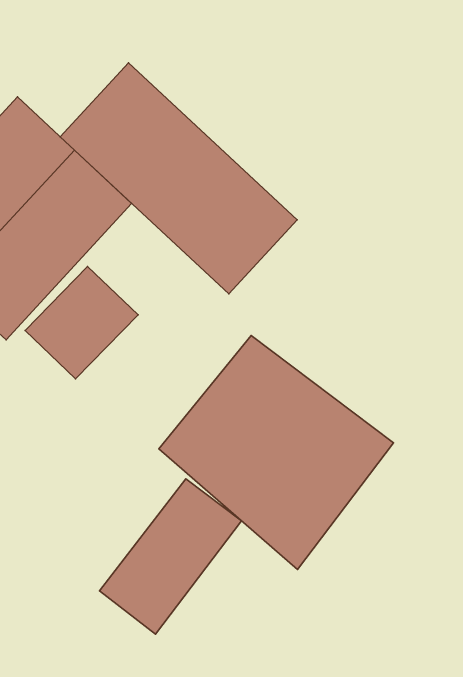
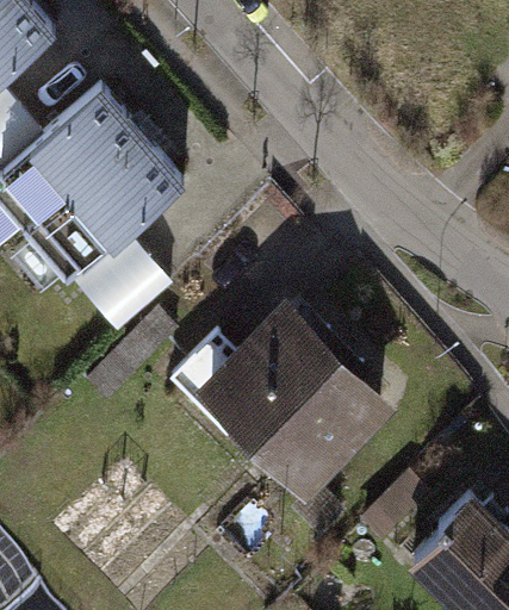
building: [60,63,297,294] -> none
building: [100,479,241,634] -> none

